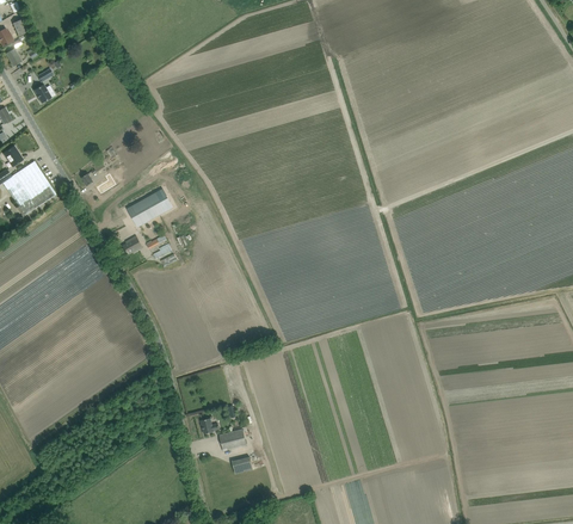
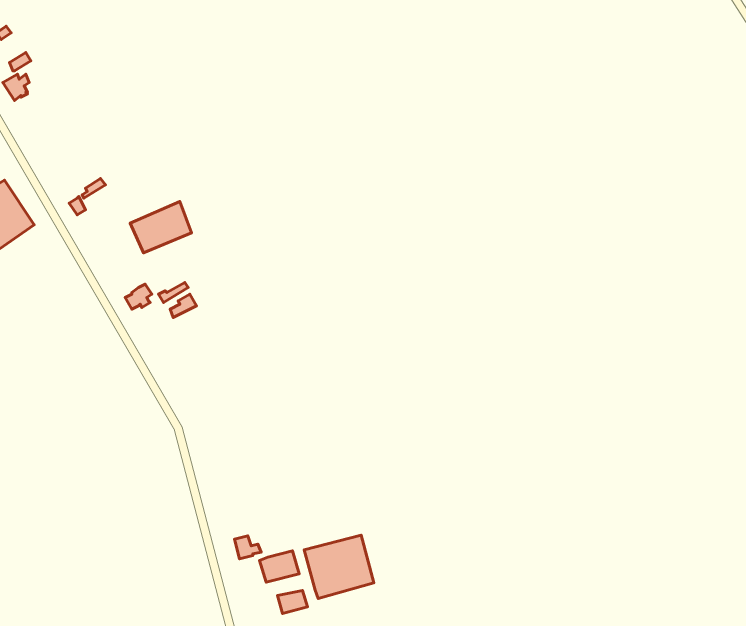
building: none -> [304,535,374,599]

